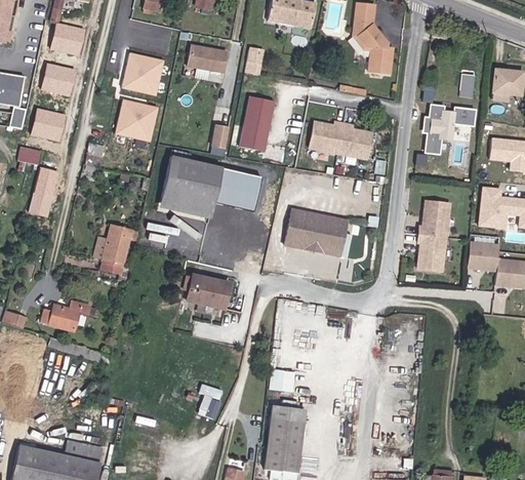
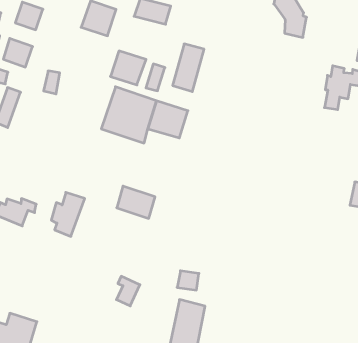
building: [244,46,266,74] -> none
building: [117,102,158,141] -> [110,51,146,85]
building: [310,119,373,160] -> none
building: [417,200,452,274] -> none
building: [284,209,348,257] -> none
building: [95,224,133,276] -> [51,192,85,236]

